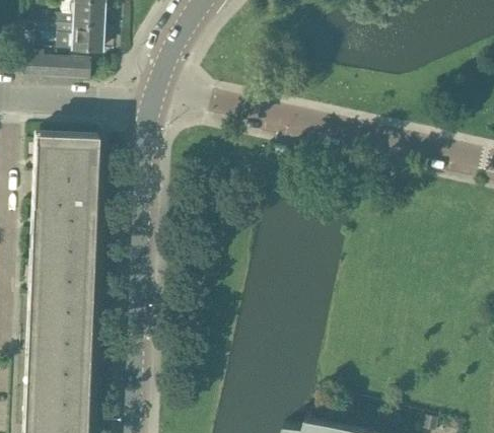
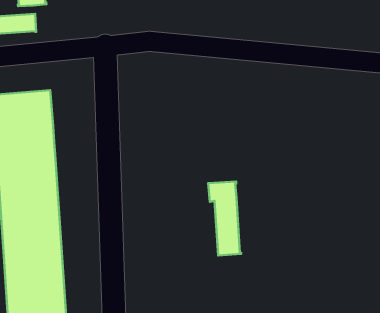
building: none -> [208,181,241,256]

